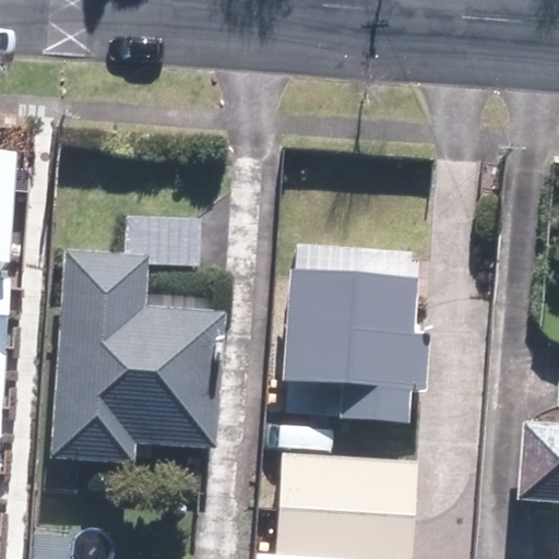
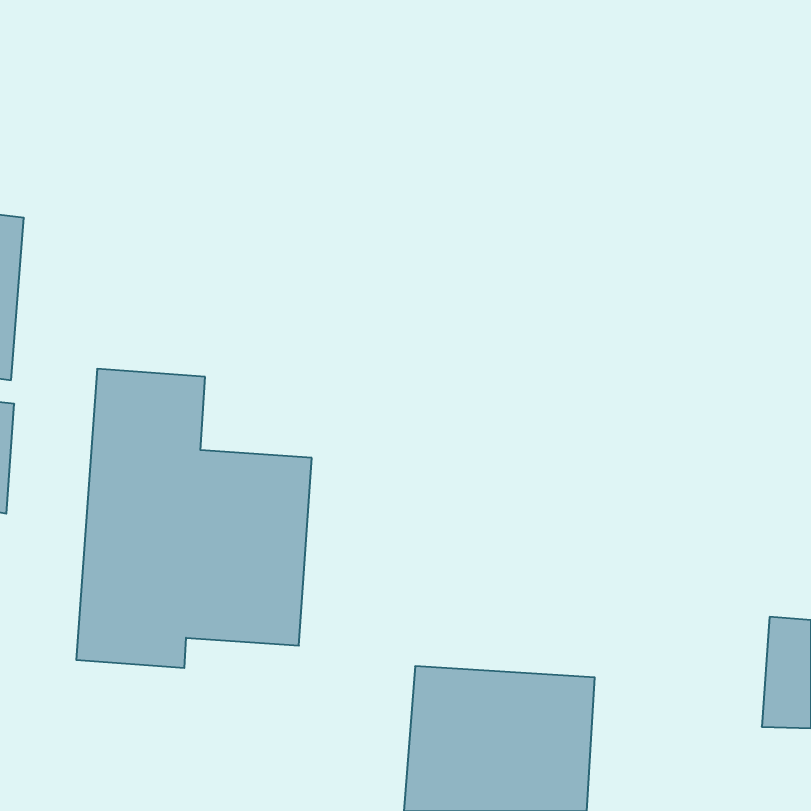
building: [284,273,412,414] -> none

